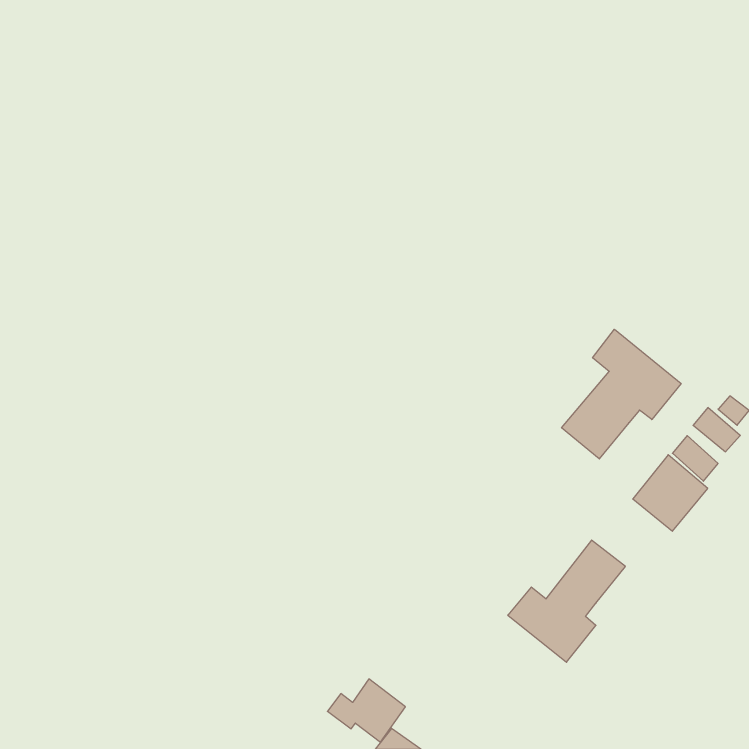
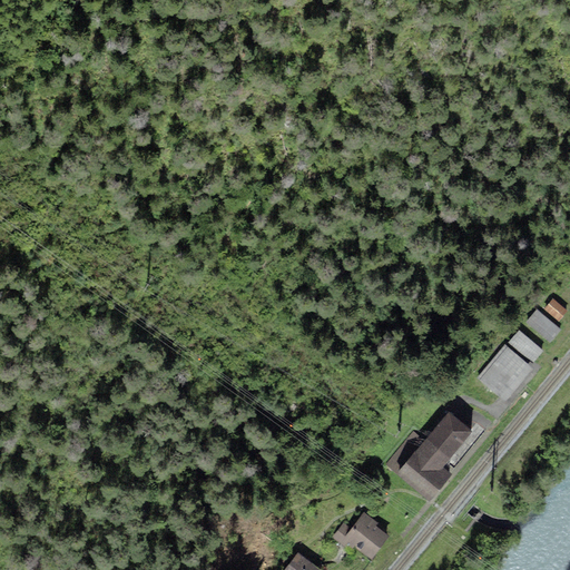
building: [562,329,681,459] -> none
building: [327,679,405,742] -> [332,513,391,561]

